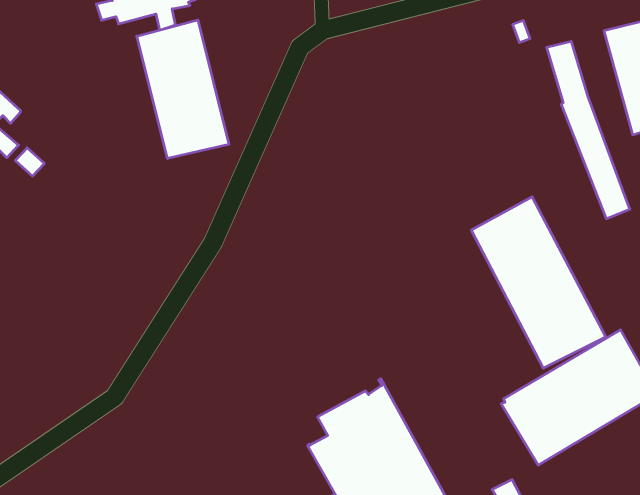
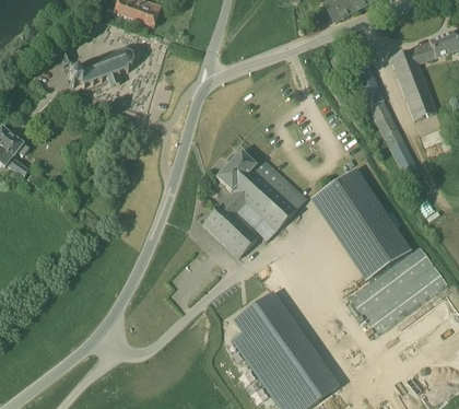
building: [137,20,229,159] -> none
building: none -> [202,150,307,258]

